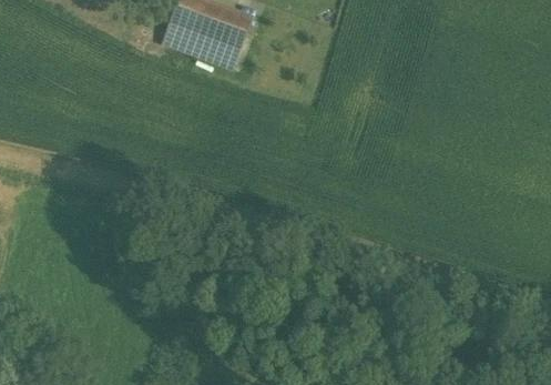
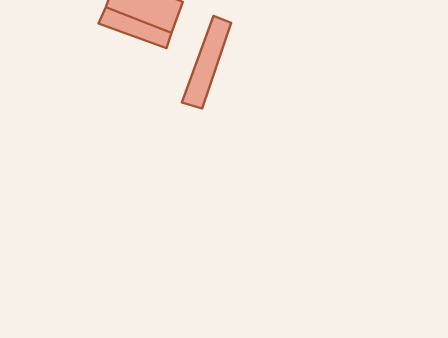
building: none -> [182,16,231,108]

